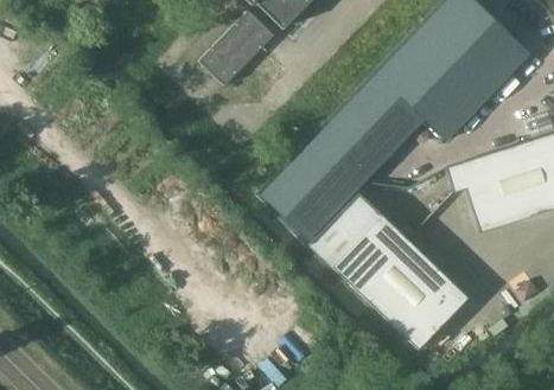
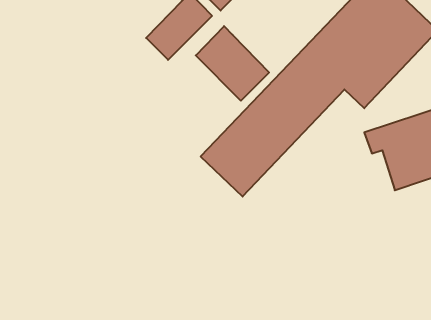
building: none -> [196,26,269,101]
building: [308,192,469,349] -> none

